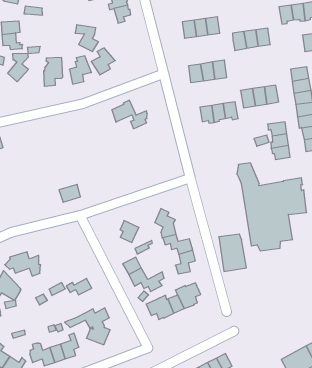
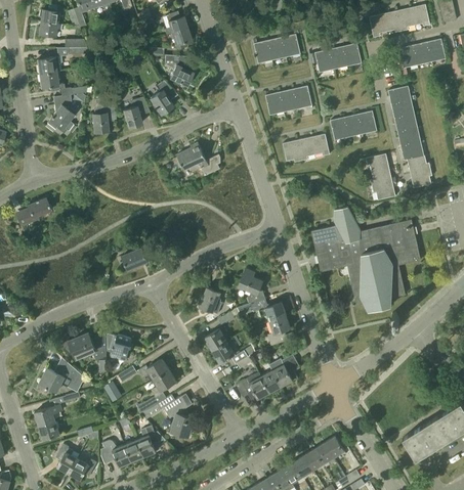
building: [75,25,98,52] -> [164,54,193,85]
building: [219,234,246,271] -> [311,225,347,271]
building: none -> [109,335,132,360]
building: none -> [136,369,176,412]

